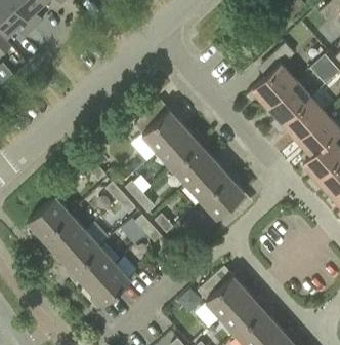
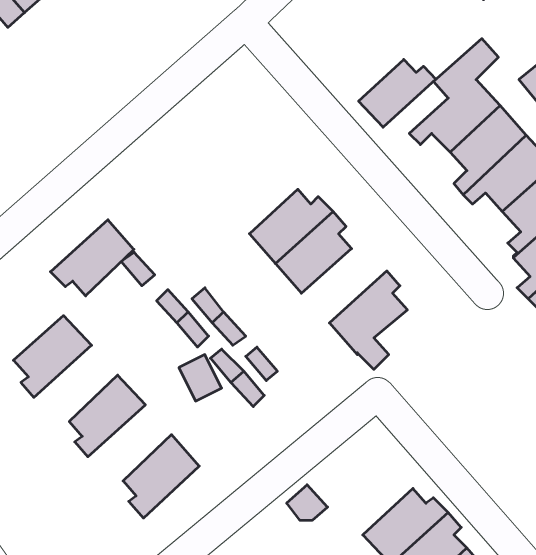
building: none -> [359,59,436,127]
building: [134,106,184,151] -> none
building: [186,159,233,200] -> none
building: [39,213,85,255] -> [50,220,134,296]
building: [69,245,115,288] -> none
building: [198,271,248,317] -> none

